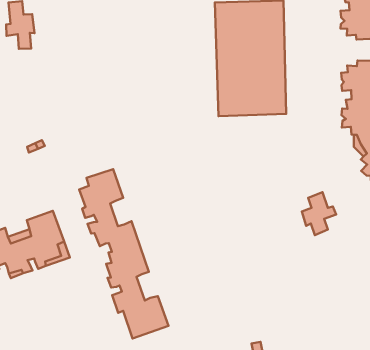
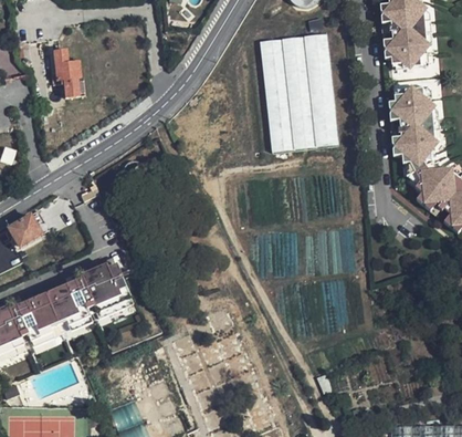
building: [79,169,169,339] -> none
building: [302,192,336,235] -> none

